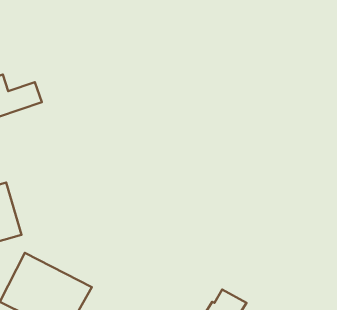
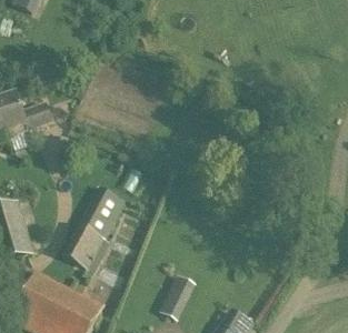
building: none -> [63,183,127,269]
building: none -> [160,272,197,319]

